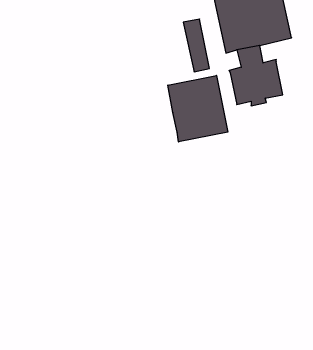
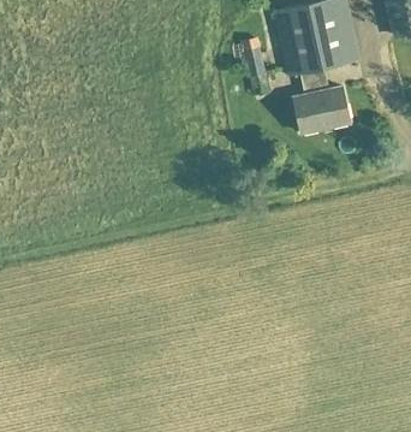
building: [168,75,228,142] -> none

